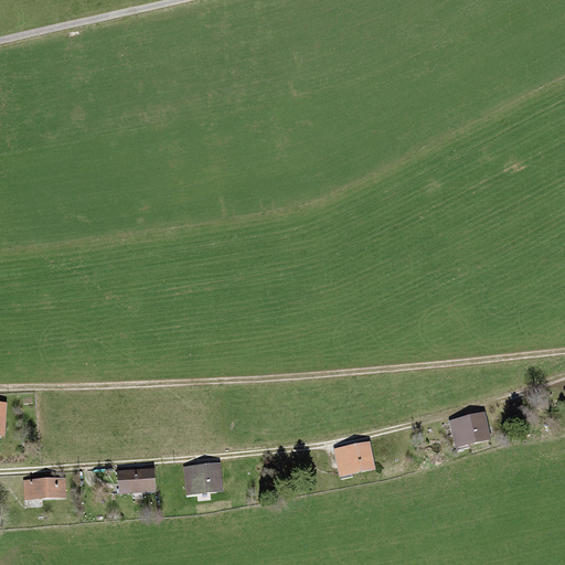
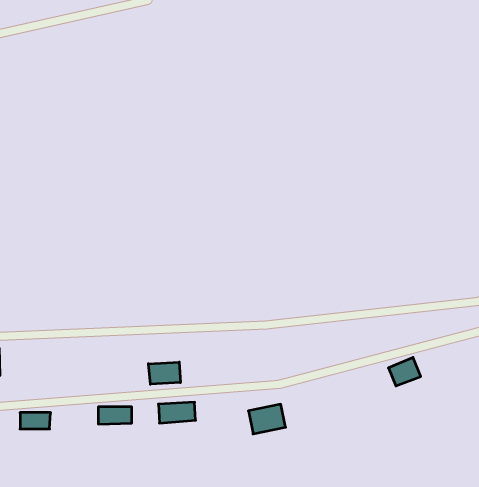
building: none -> [148,362,180,384]
building: [334,441,377,476] -> [248,404,286,434]

